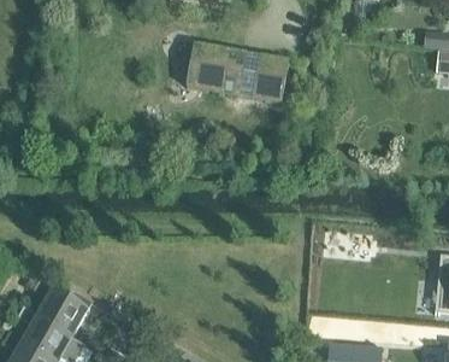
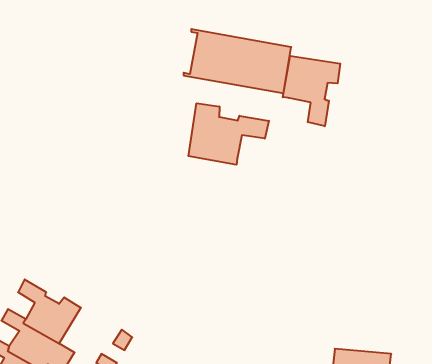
building: none -> [283,56,340,126]
building: none -> [188,103,269,165]

